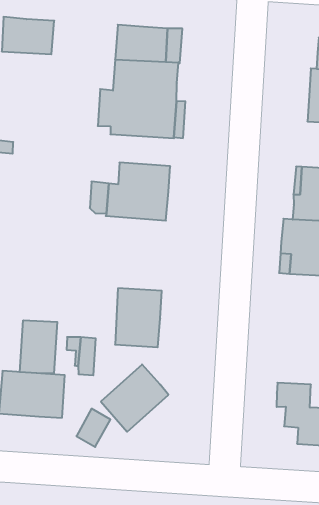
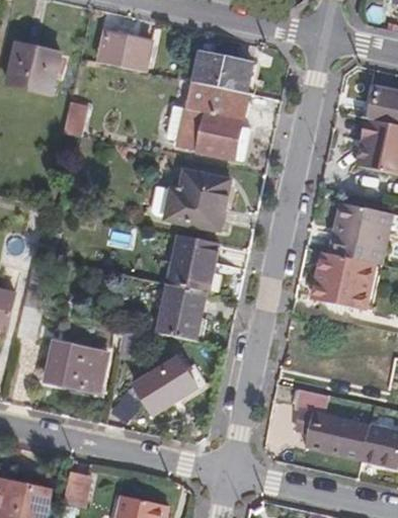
building: none -> [167,235,219,292]
building: [20,320,57,374] -> none

